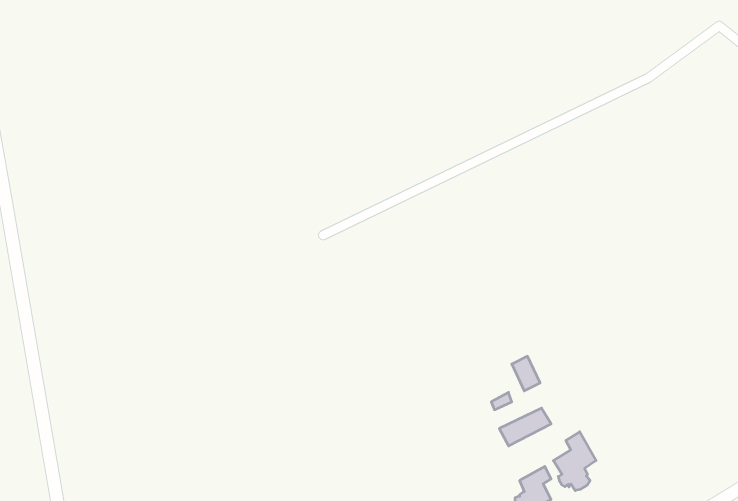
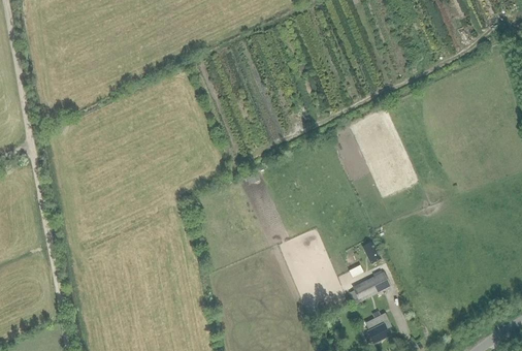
building: [553,432,596,491] -> none

